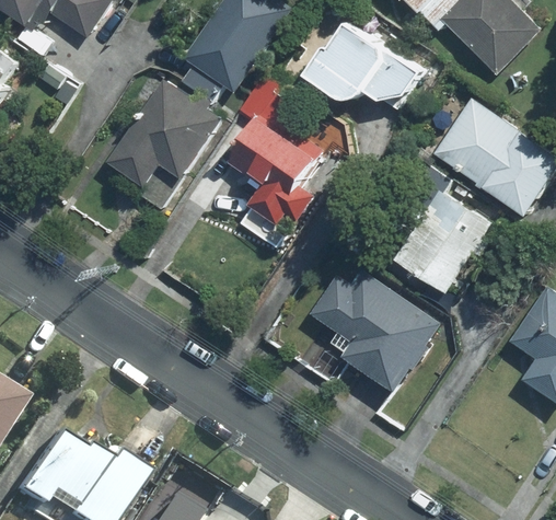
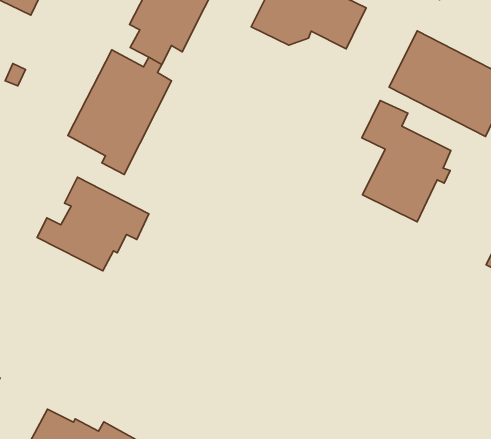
building: [228,76,321,221] -> none
building: none -> [37,177,149,271]
building: [312,271,440,390] -> none

